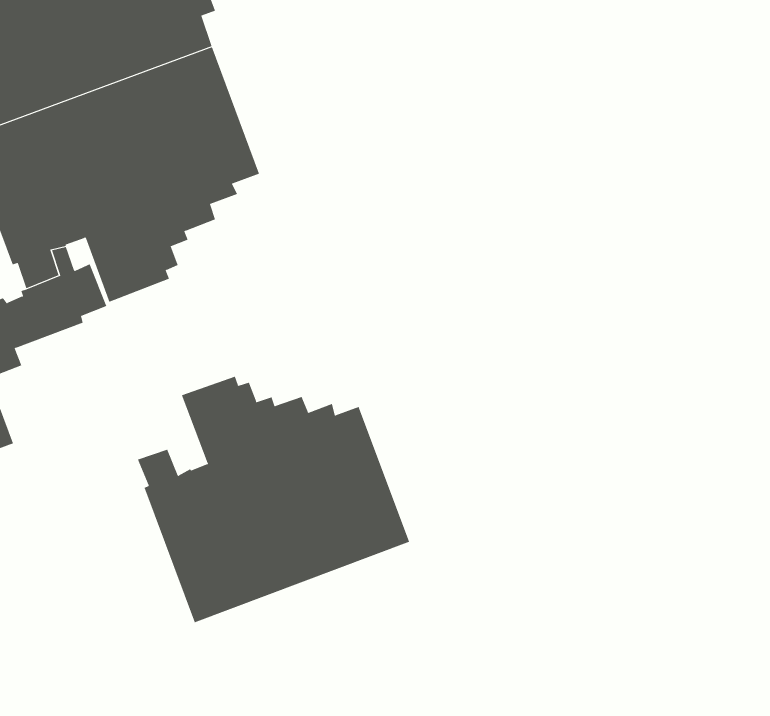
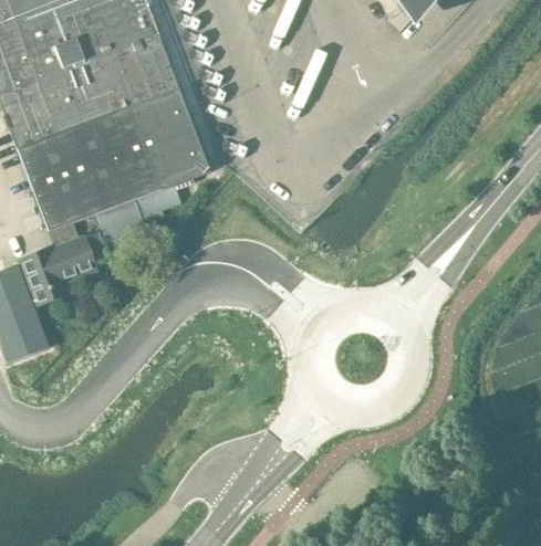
building: [137,376,410,623] -> none

